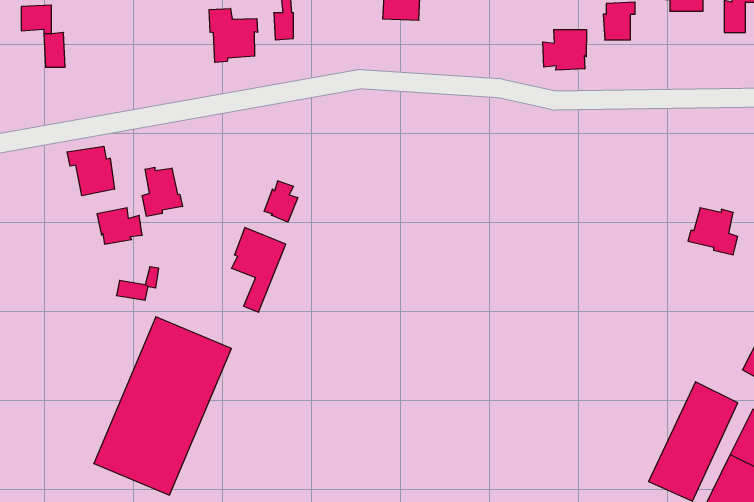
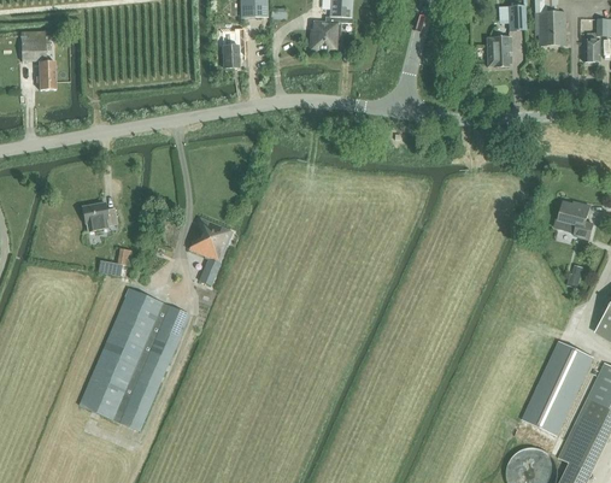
building: [209,8,258,62] -> none
building: [543,30,586,70] -> none
building: [67,146,114,196] -> none
building: [142,167,183,216] -> none
building: [264,181,298,222] -> none

